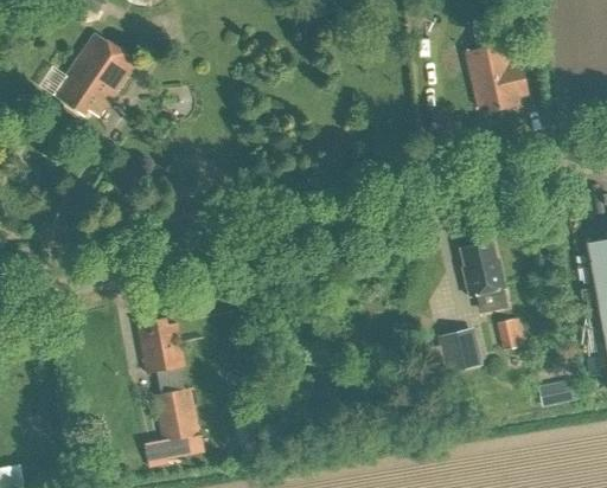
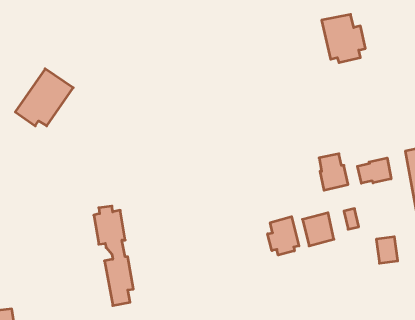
building: [55,34,138,116] -> [15,69,73,126]
building: none -> [357,158,391,183]
building: none -> [268,217,299,255]

